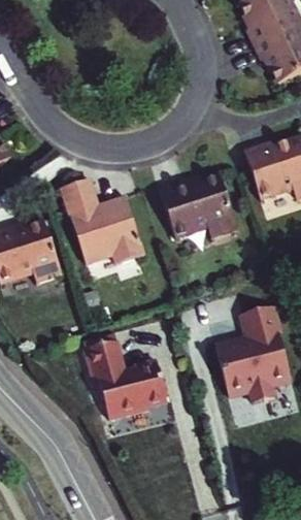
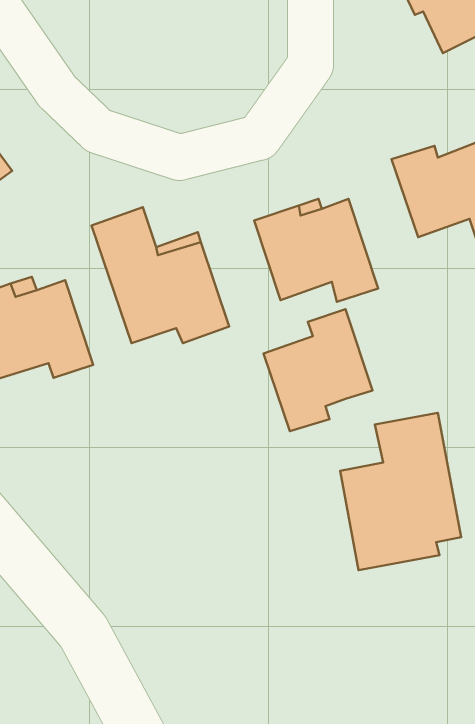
building: none -> [263,309,373,431]
building: [85,339,167,418] -> none

